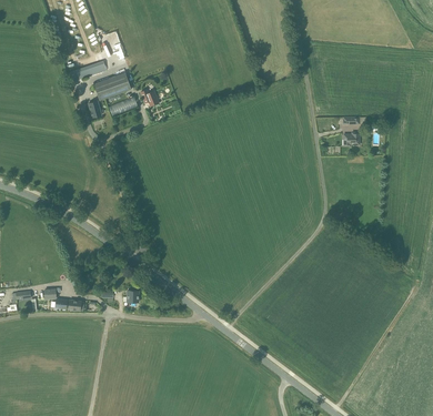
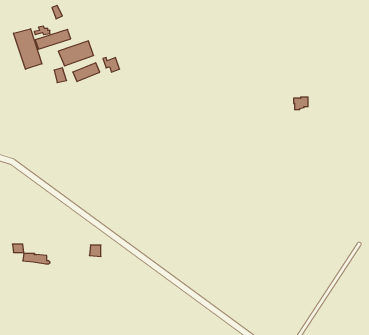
building: none -> [14,29,42,69]

